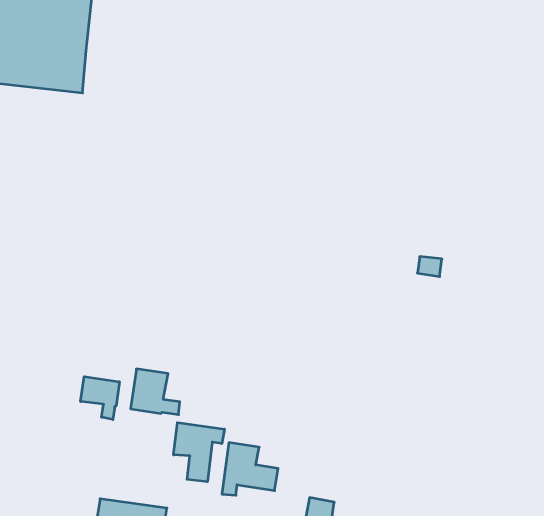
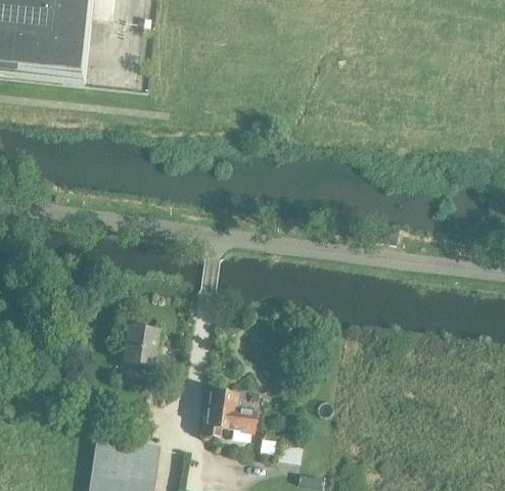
building: [81,377,119,420] -> none
building: [174,423,224,482] -> none

